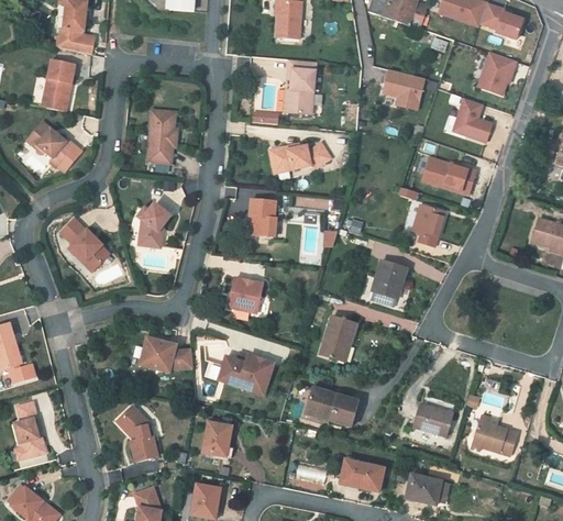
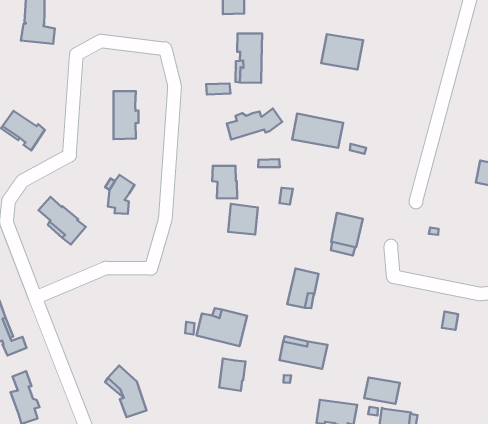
building: [474,51,516,96] -> none
building: [42,59,76,111] -> none
building: [450,97,492,143] -> none
building: [419,154,475,195] -> [292,113,343,148]
building: [412,204,445,246] -> none
building: [229,277,263,312] -> [228,204,258,235]
building: [141,337,192,370] -> none
building: [413,406,453,436] -> [364,377,400,404]
building: [471,415,518,456] -> none
building: [202,422,233,458] -> [219,358,246,391]

